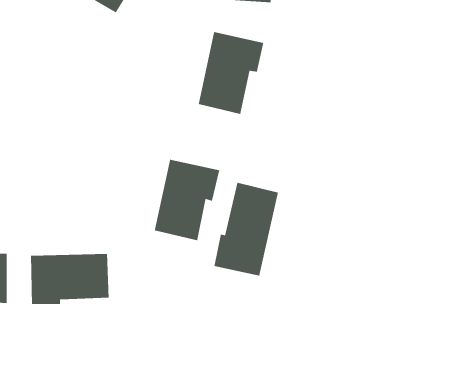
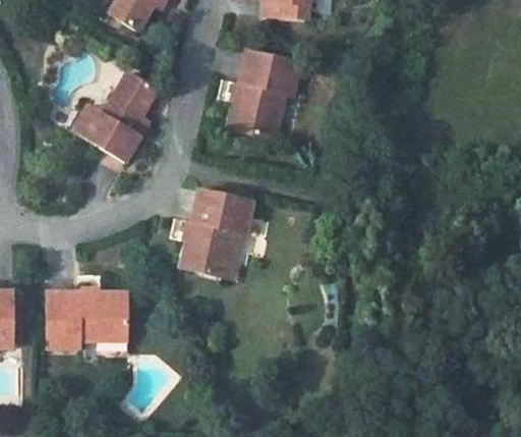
building: none -> [72,73,155,162]
building: [214,182,279,276] -> none

